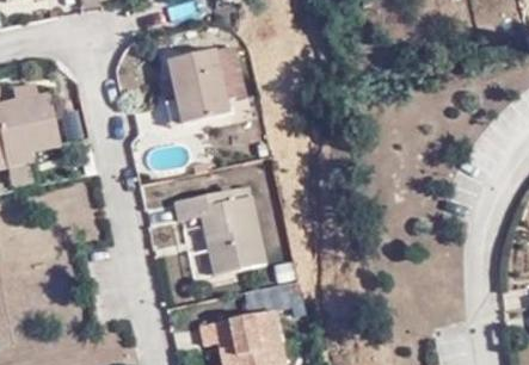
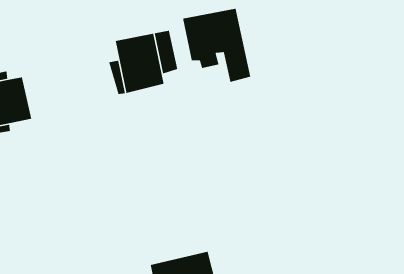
building: none -> [182,8,251,83]
building: [172,184,265,272] -> none

